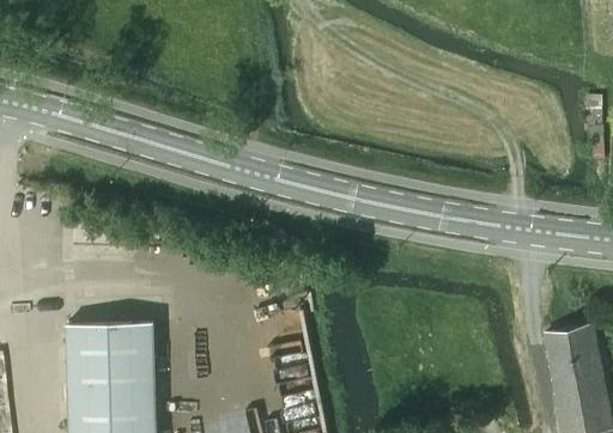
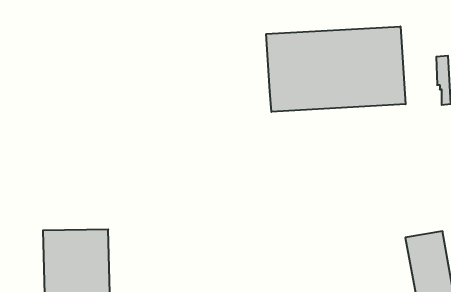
building: none -> [266,26,406,112]

